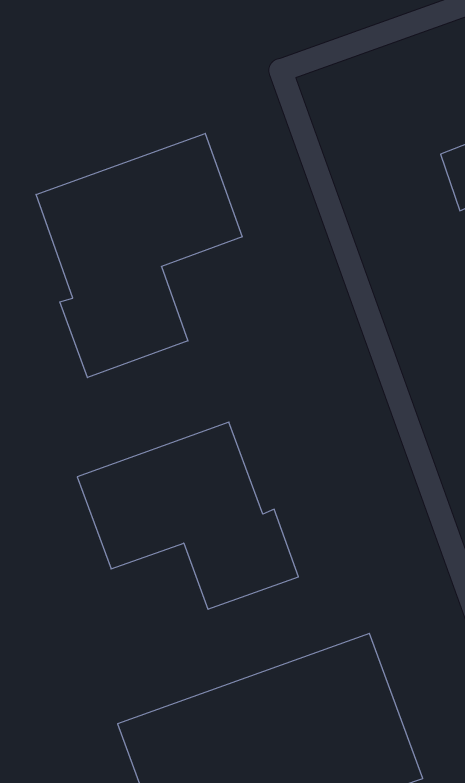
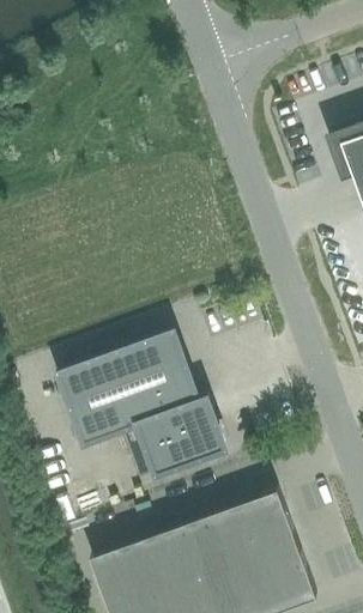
building: [36,133,242,378] -> none

